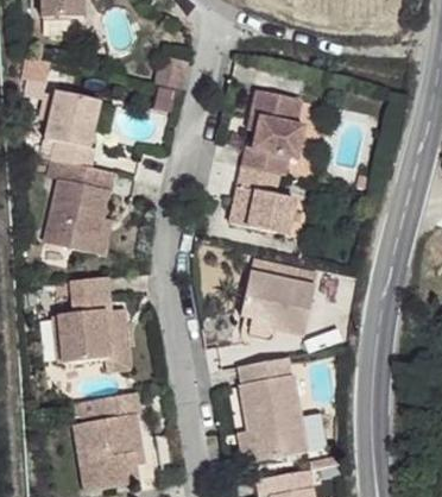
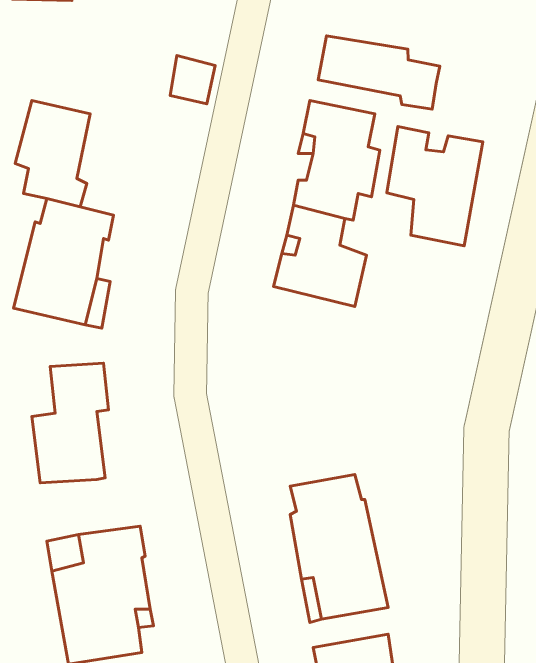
building: none -> [318,36,440,109]
building: none -> [387,127,483,246]
building: [239,272,316,340] -> none
building: [102,310,130,372] -> none

